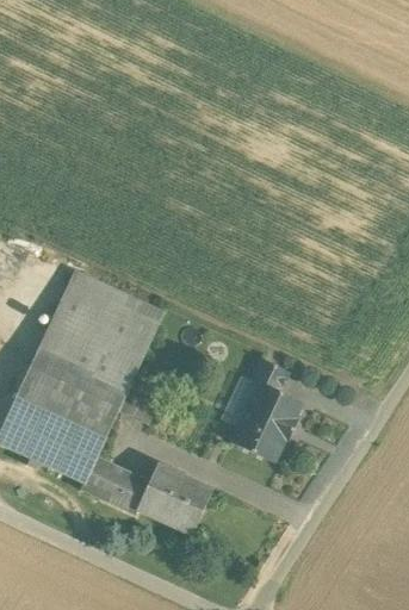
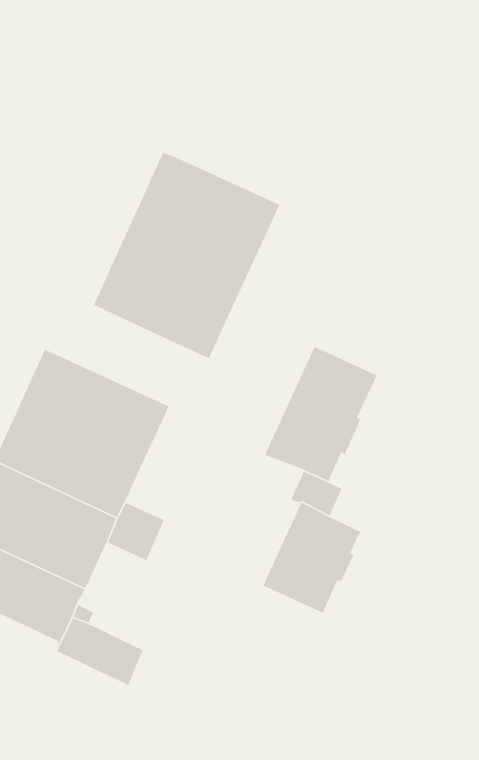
building: none -> [93,152,281,359]
building: none -> [265,346,378,482]
building: [134,462,209,531] -> none

